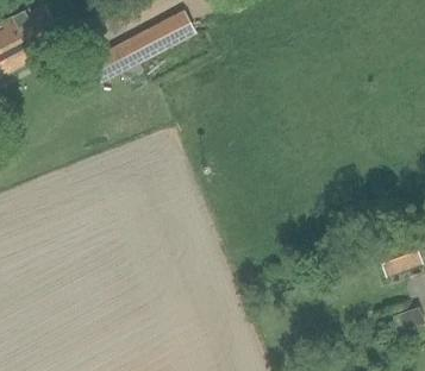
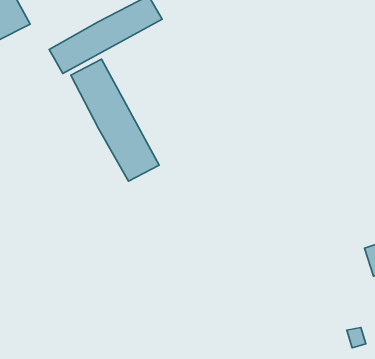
building: none -> [71,59,159,181]

